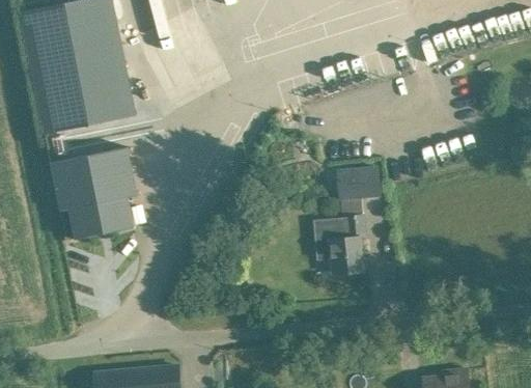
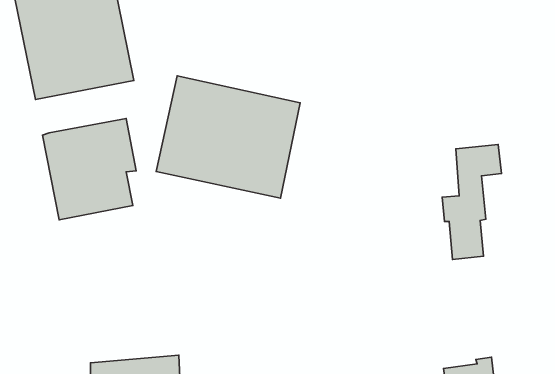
building: none -> [156,76,300,198]
building: [325,170,380,277] -> [442,145,502,260]

